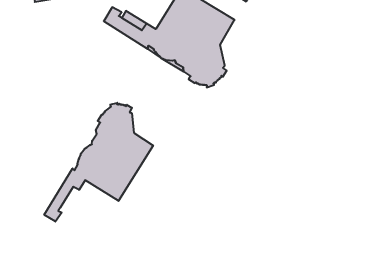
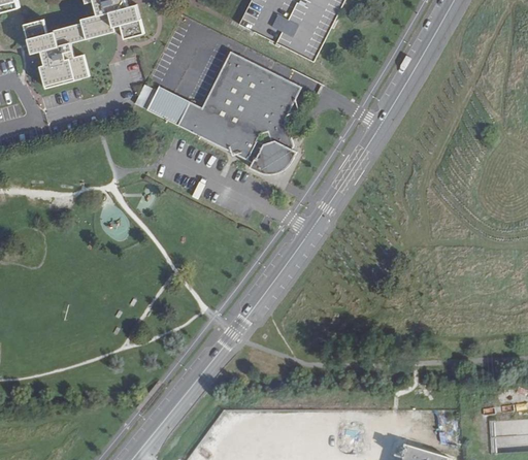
building: [44,103,153,222] -> none

